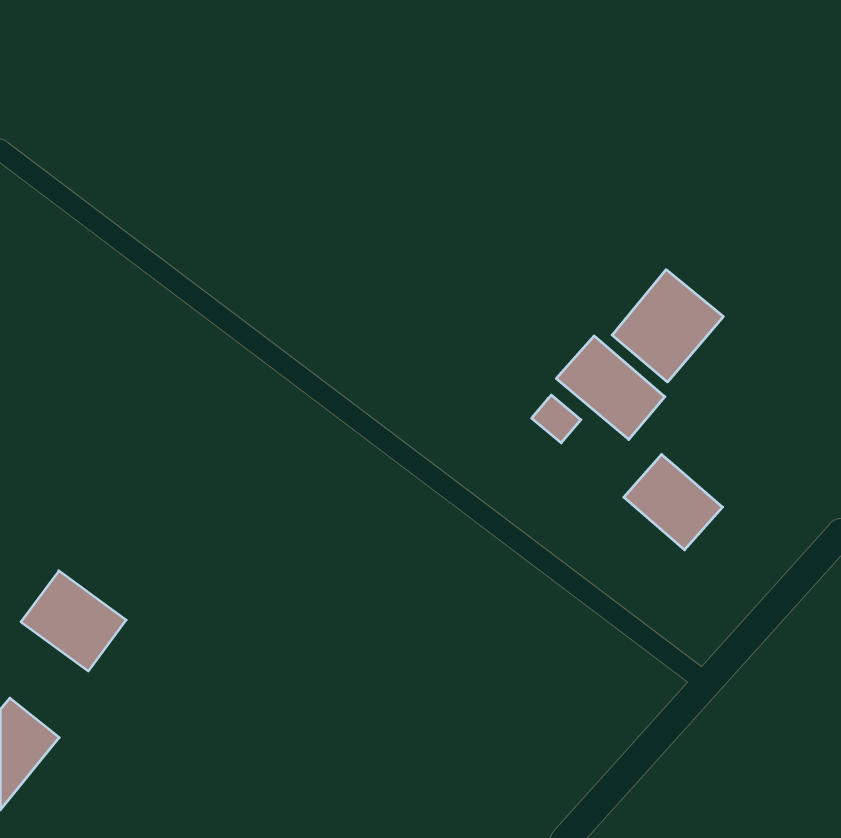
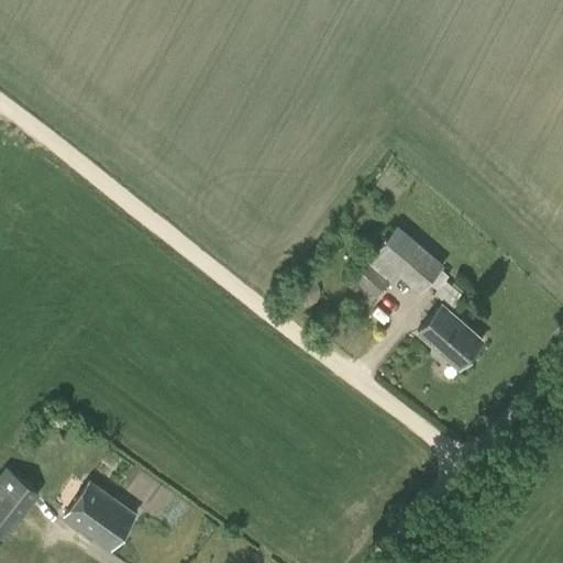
building: [612,270,723,382] -> none
building: [21,571,126,671] -> [65,483,135,550]

